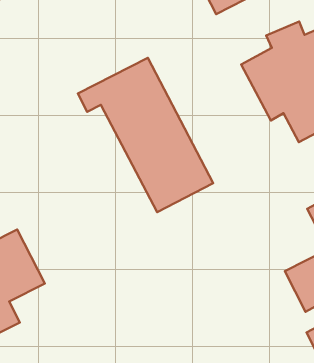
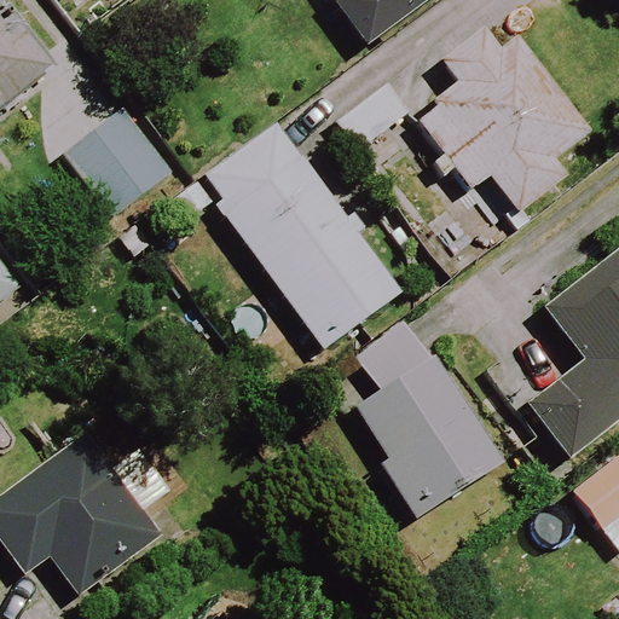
building: none -> [66,108,170,214]
building: none -> [349,317,505,515]

